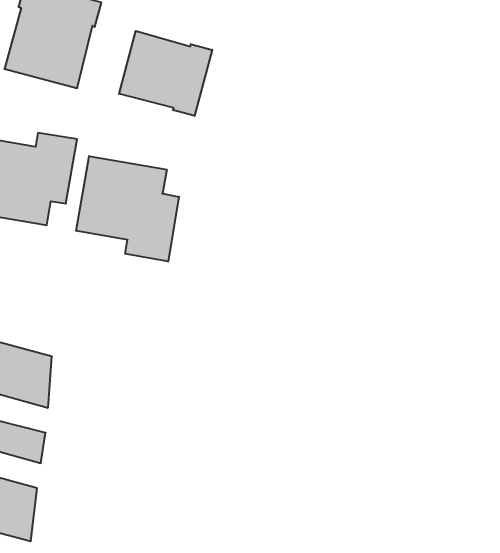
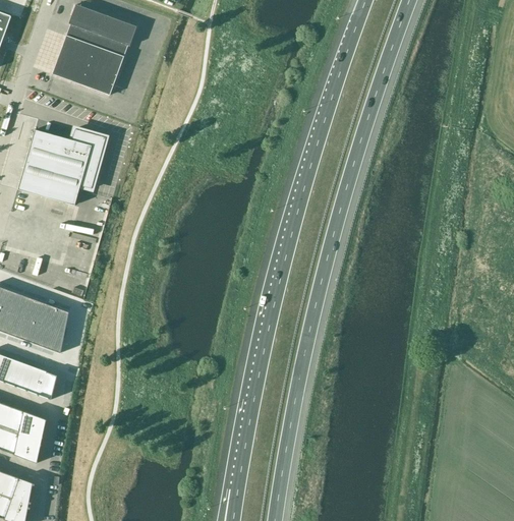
building: [119,31,212,116] -> none
building: [76,156,179,262] -> none

